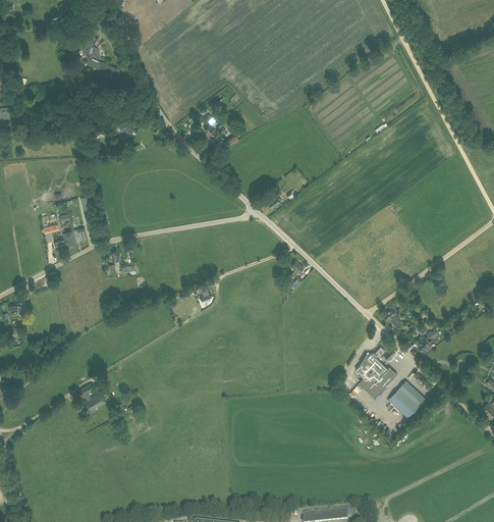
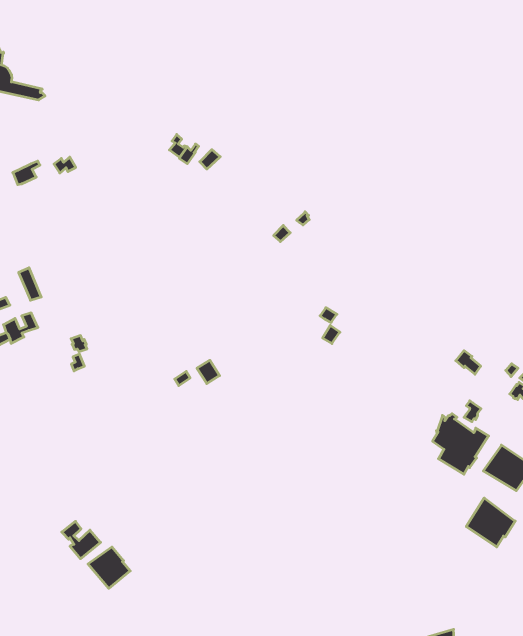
building: none -> [88,547,130,588]
building: none -> [466,498,515,547]

